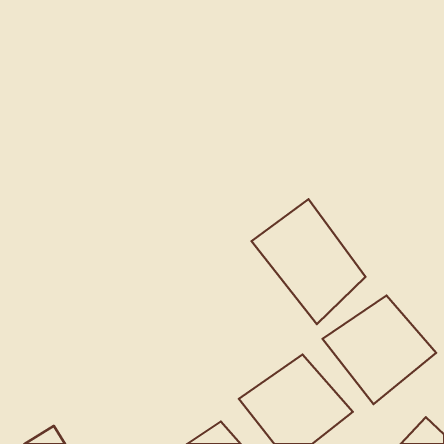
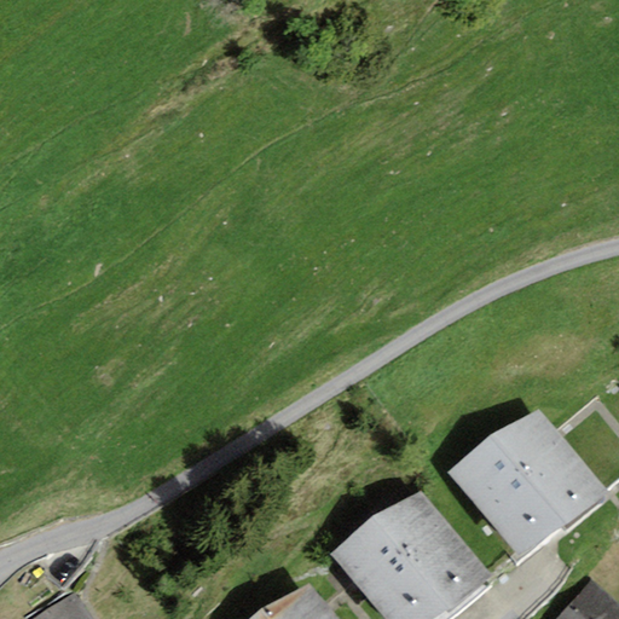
building: [252,199,366,324] -> none

